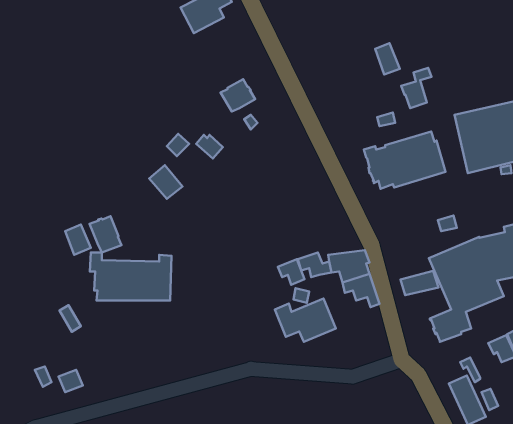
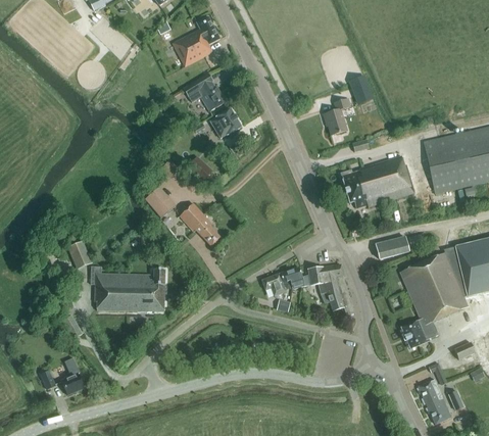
building: none -> [183,74,226,111]
building: [401,68,431,108] -> [323,98,350,135]
building: none -> [179,203,221,246]
building: [90,216,121,252] -> none
building: [401,271,439,295] -> [375,236,409,258]
building: [275,299,336,342] -> none

